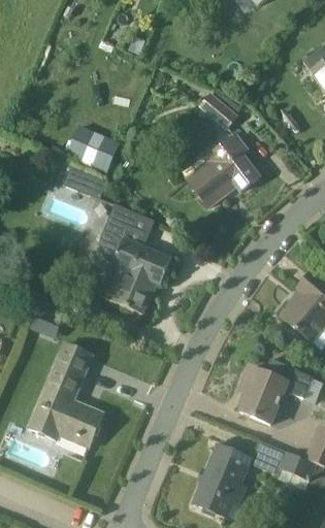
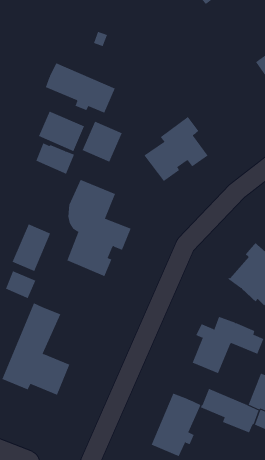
building: none -> [45,62,116,113]
building: [198,91,238,129] -> none
building: none -> [82,121,122,163]
building: none -> [12,223,51,272]

